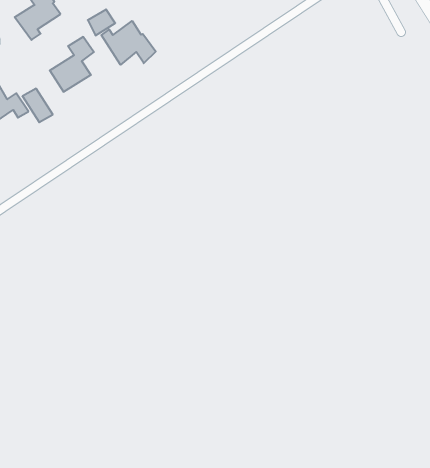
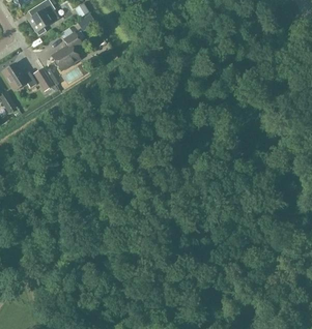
building: [101,21,156,65] -> none

